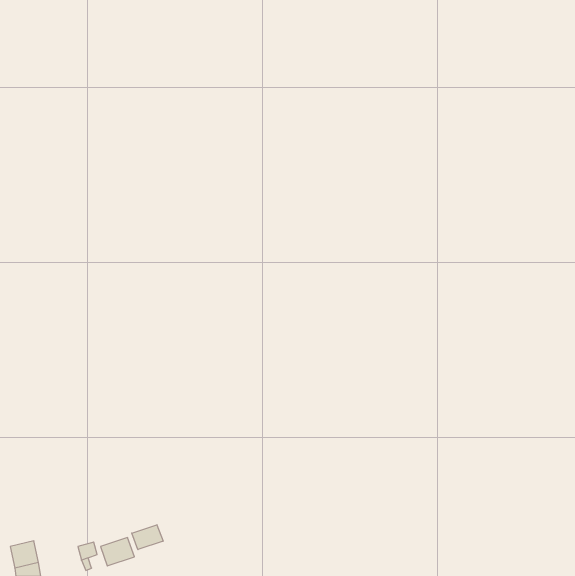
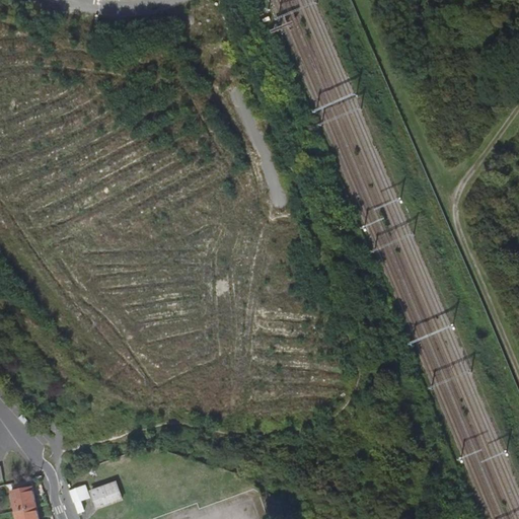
building: [132,525,163,550] -> none

